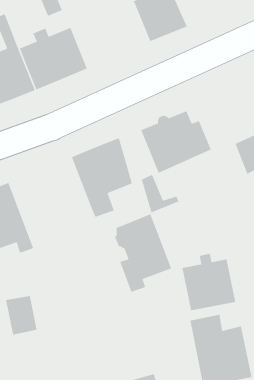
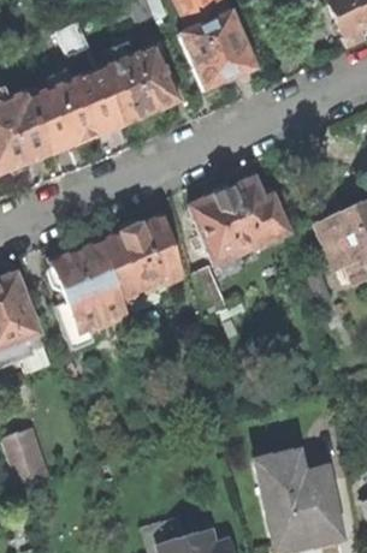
building: none -> [99,44,178,124]
building: [114,213,172,293] -> [49,242,128,349]
building: [181,253,236,311] -> none

